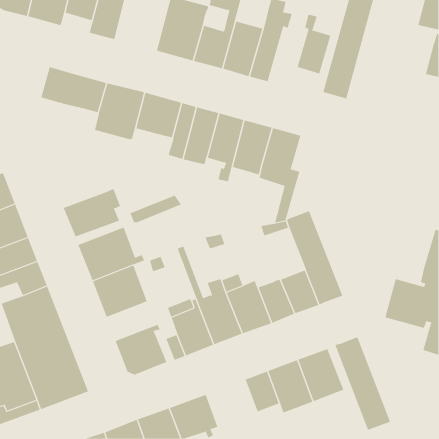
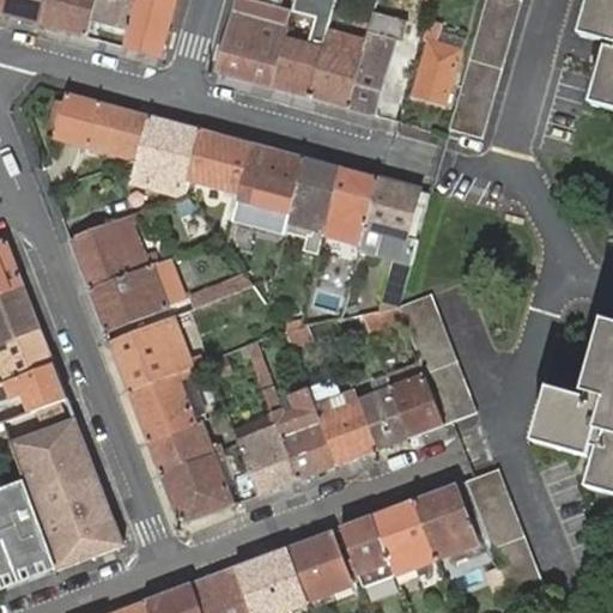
building: none -> [68,214,148,289]
building: none -> [147,420,219,473]
building: none -> [286,529,352,599]

